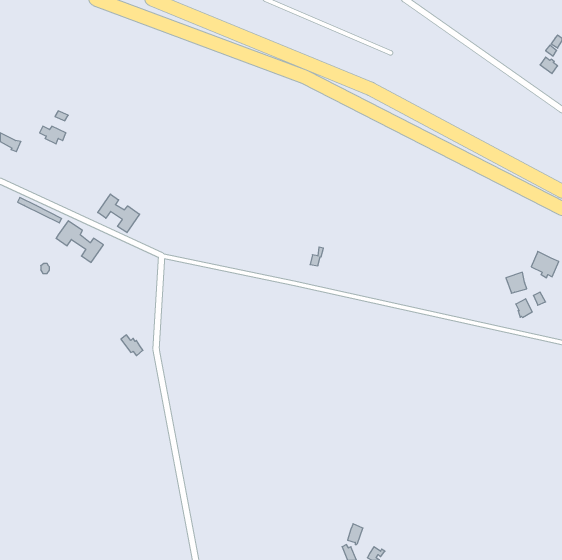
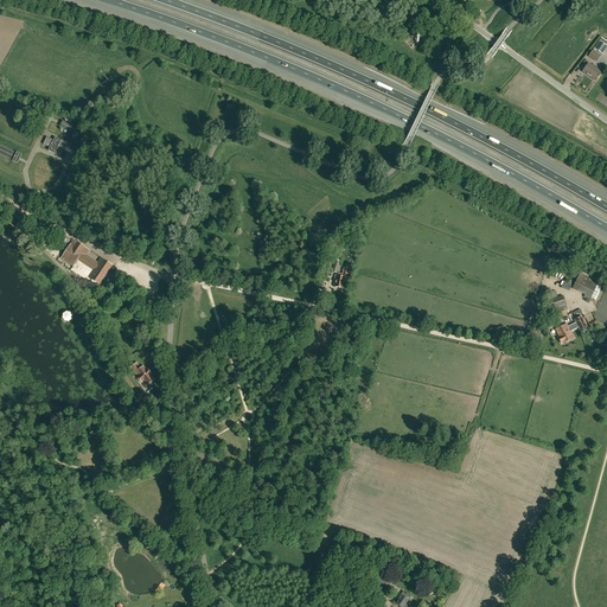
building: [98,194,140,233] -> none

